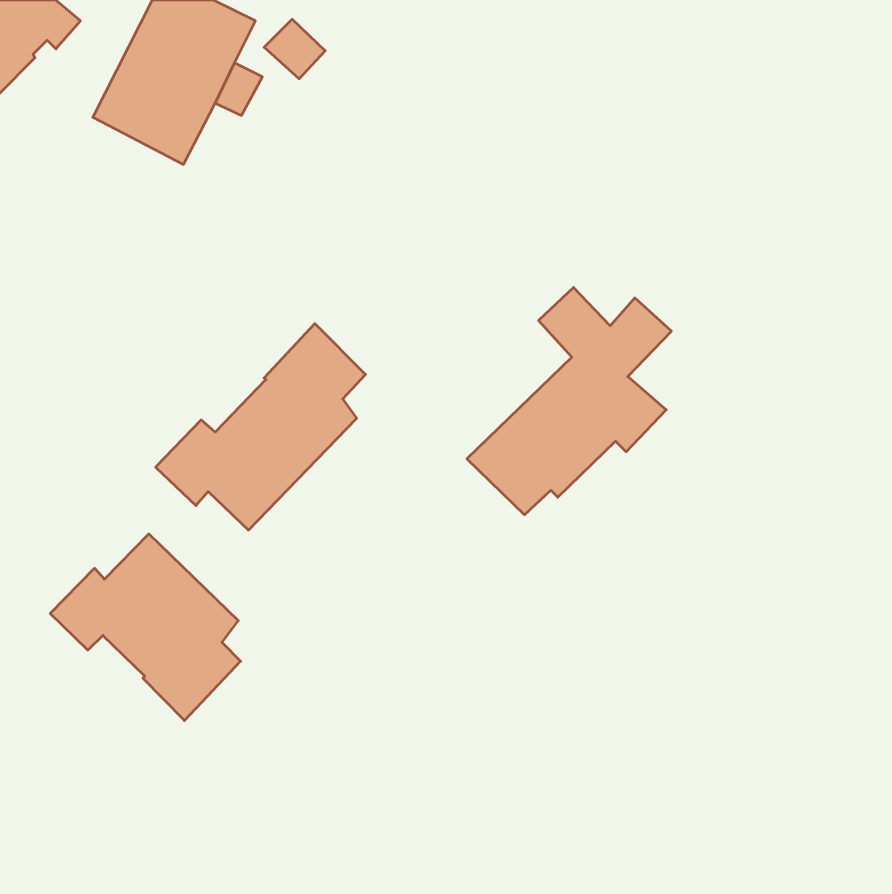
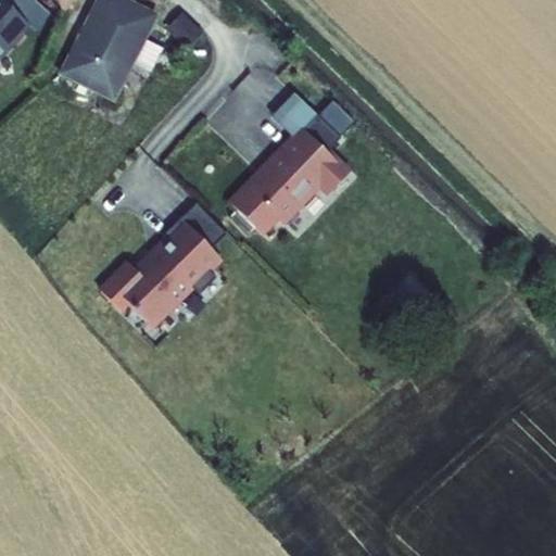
building: [467,287,671,515] -> [227,93,354,235]
building: [50,534,241,721] -> none

